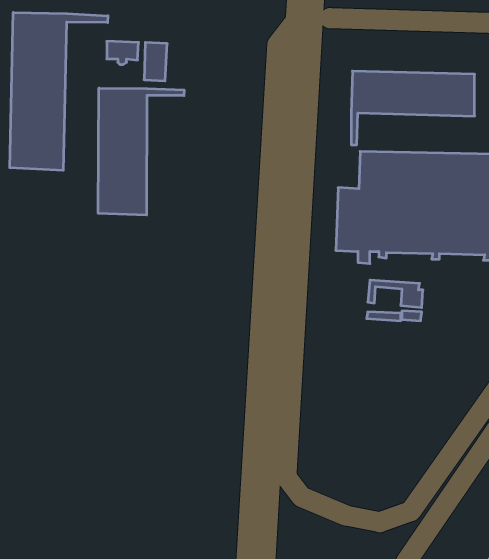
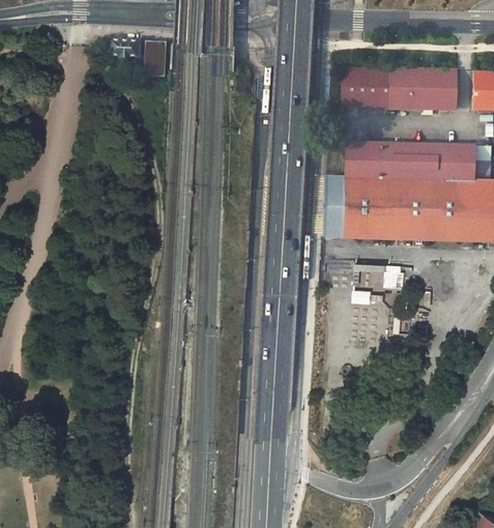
building: [10,12,108,170] -> none
building: [98,88,184,215] -> none

